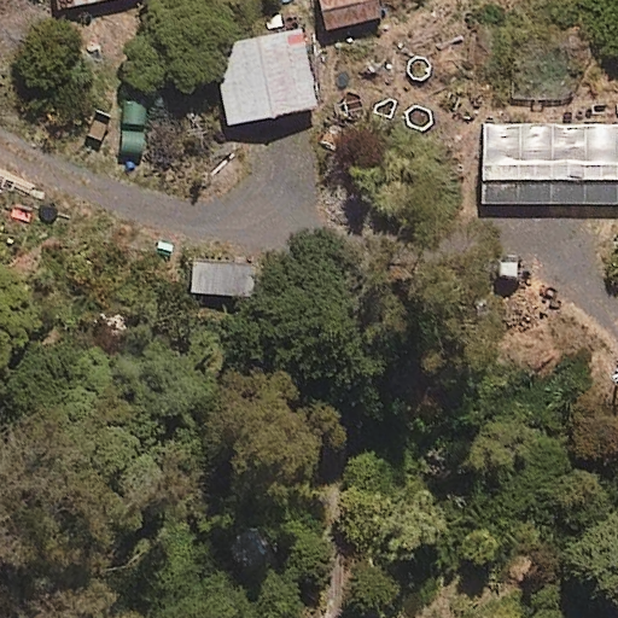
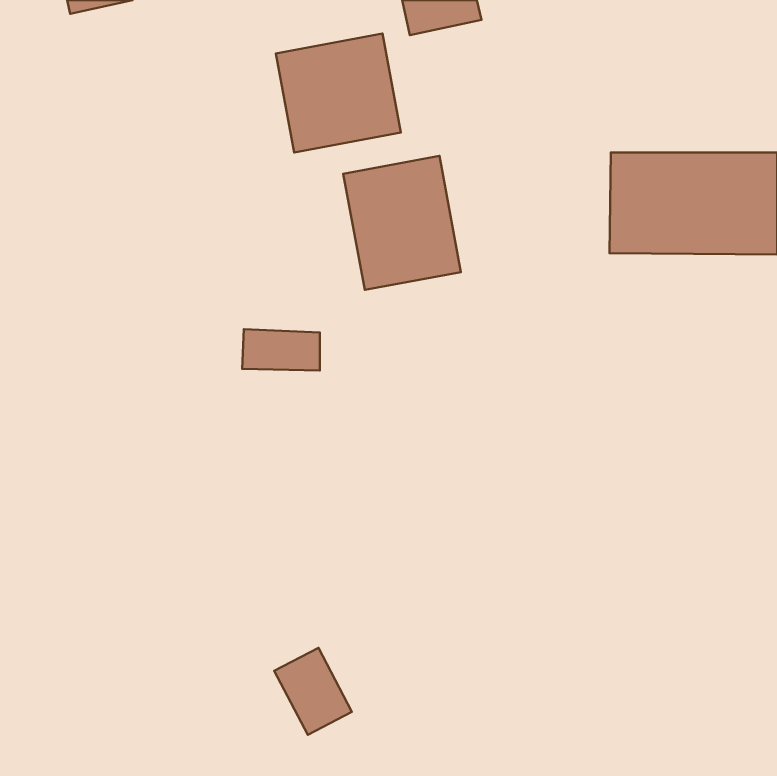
building: none -> [343,156,461,290]

